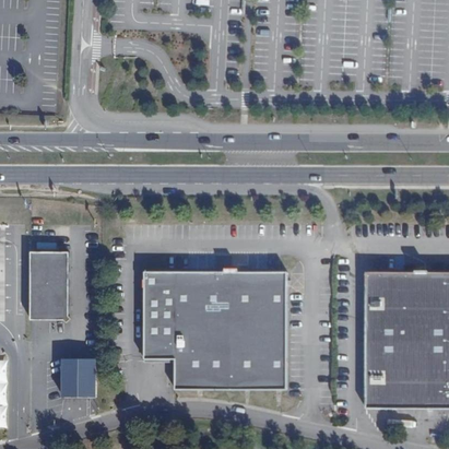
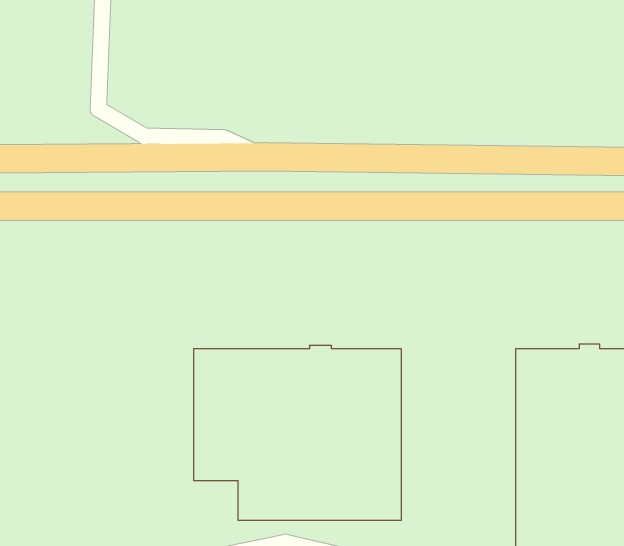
building: [28,251,70,323] -> none
building: [61,358,95,397] -> none

